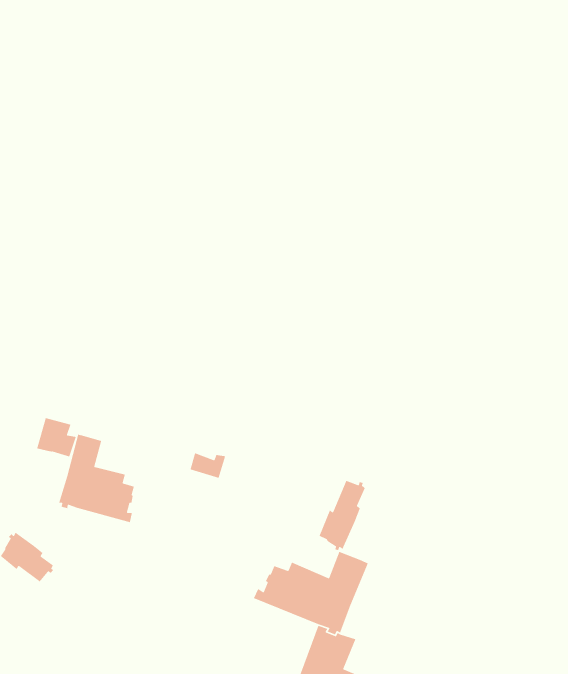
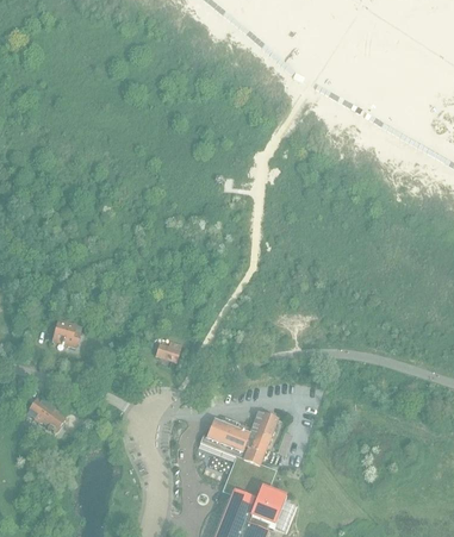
building: [58,434,135,523] -> none
building: [319,480,366,551] -> none

